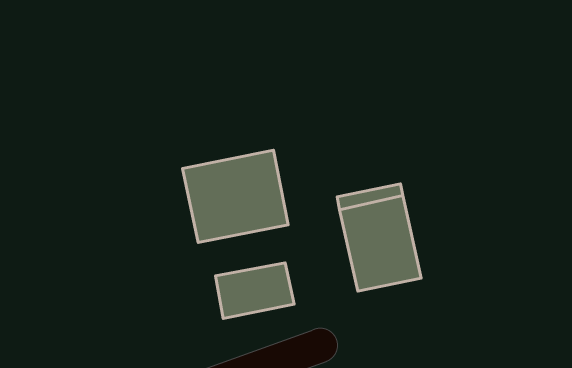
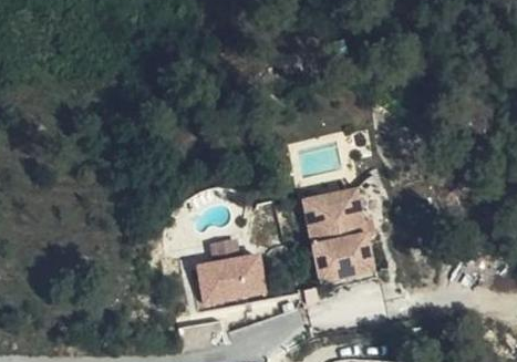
building: [182,150,288,243] -> none

